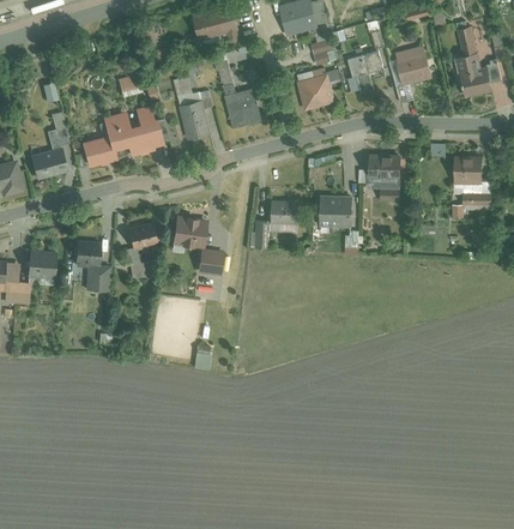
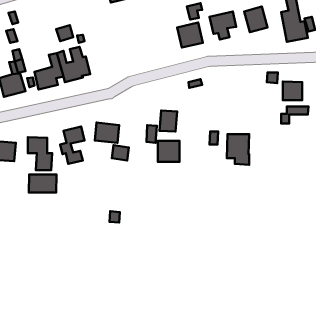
building: [217,59,262,130] -> none
building: [174,77,212,139] -> none
building: [365,156,399,202] -> [227,134,249,165]
building: [316,194,349,226] -> [158,141,180,162]
building: none -> [29,174,57,193]

